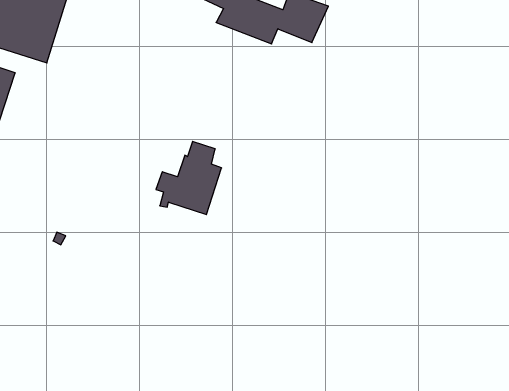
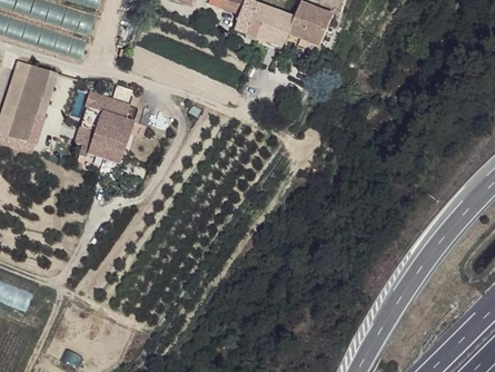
building: [156,141,222,215] -> [72,99,130,164]

